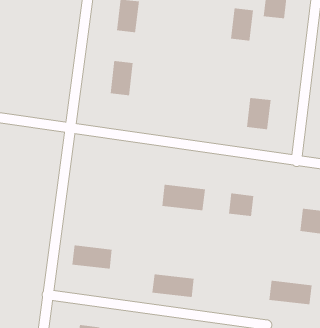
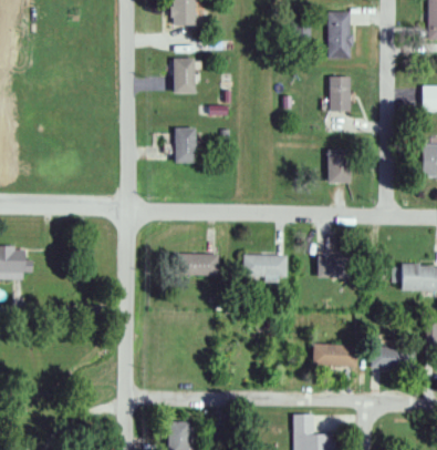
building: [230,8,254,41] -> [327,76,350,111]
building: [72,245,113,269] -> [176,254,219,276]
building: [152,274,195,298] -> [311,345,356,366]

